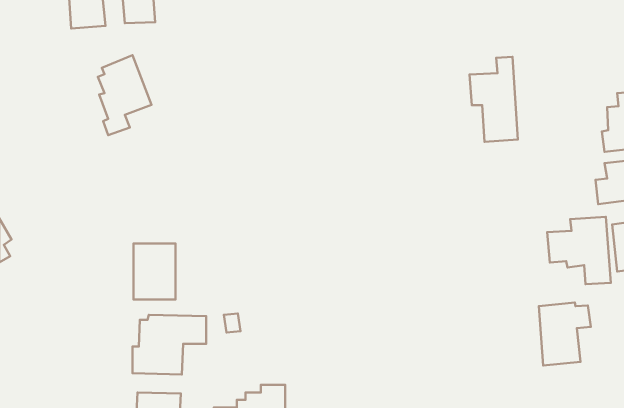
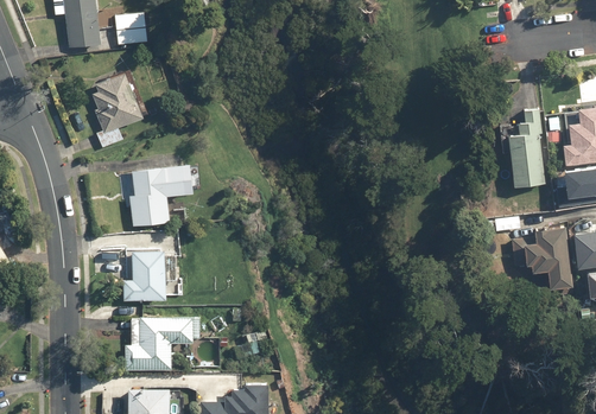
building: [469,57,518,142] -> [499,108,544,187]
building: none -> [129,165,192,227]
building: [539,303,591,366] -> none

